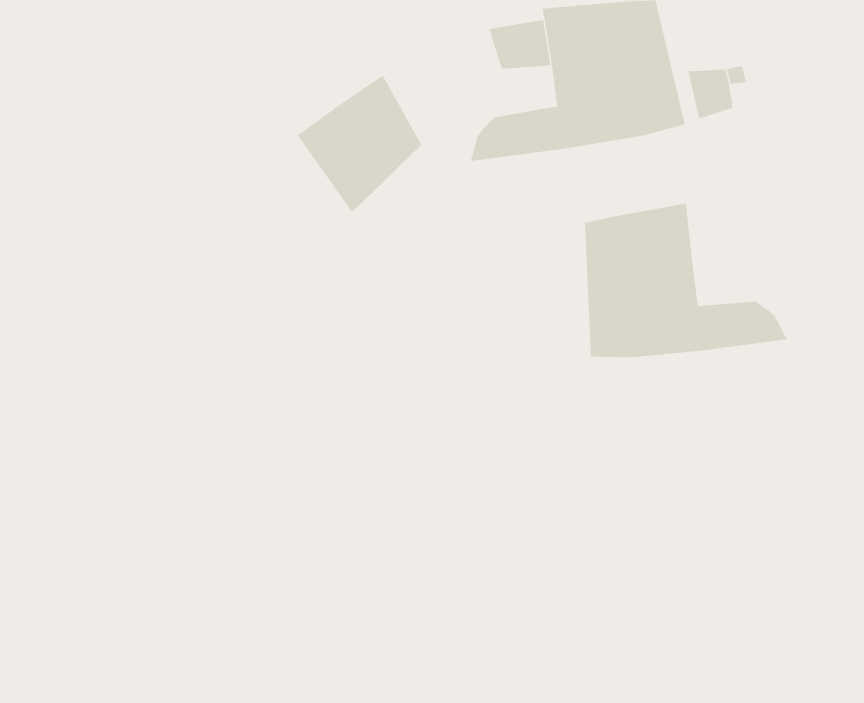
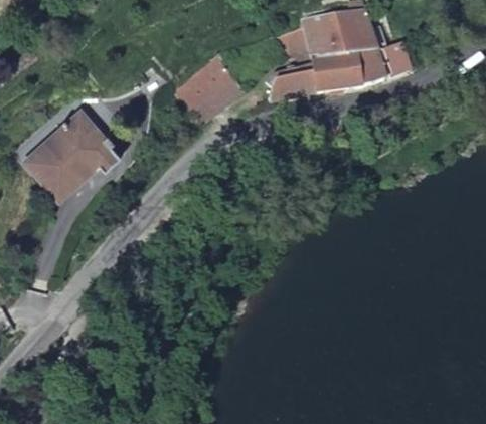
building: none -> [27,113,121,199]
building: [585,203,788,358] -> none

